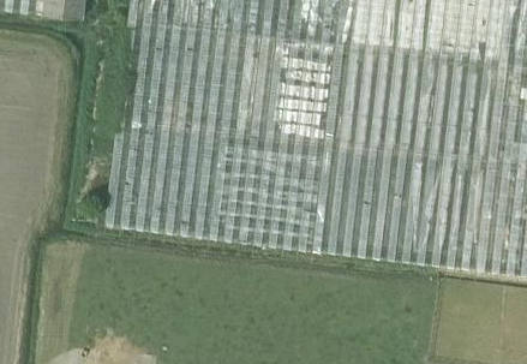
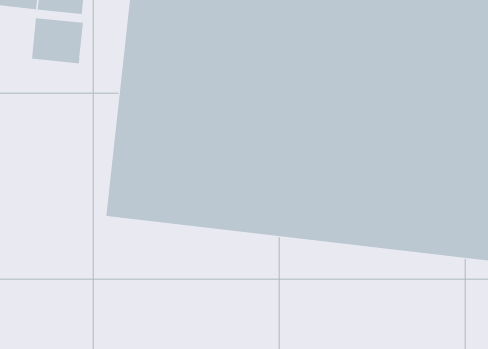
building: none -> [31,17,83,64]

